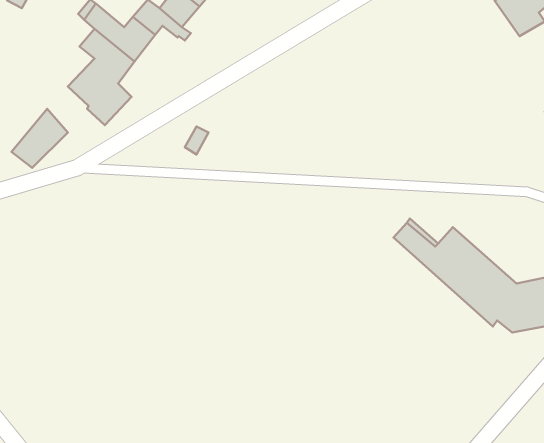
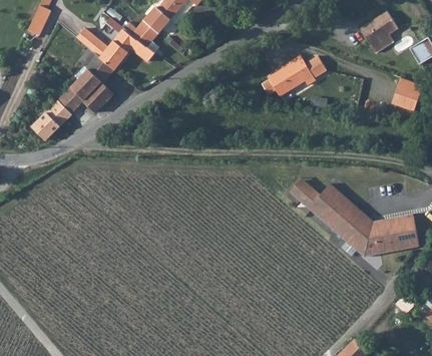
building: none -> [261,54,324,95]
building: none -> [55,87,83,118]

